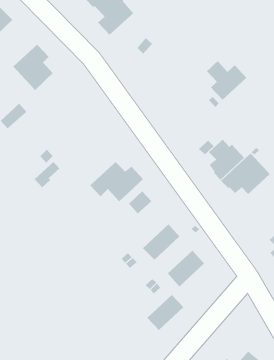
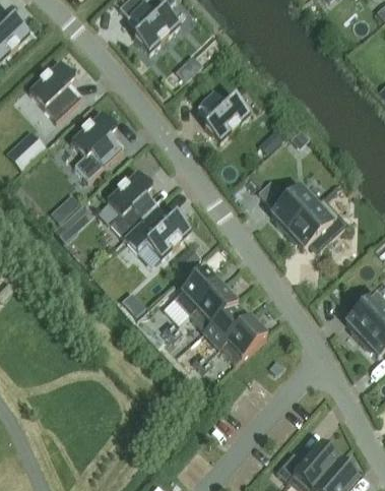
building: [205,60,247,101] -> [197,90,250,141]
building: none -> [70,113,123,181]
building: none -> [106,171,158,239]
building: none -> [174,268,221,315]
building: [146,294,184,331] -> [204,301,251,347]

